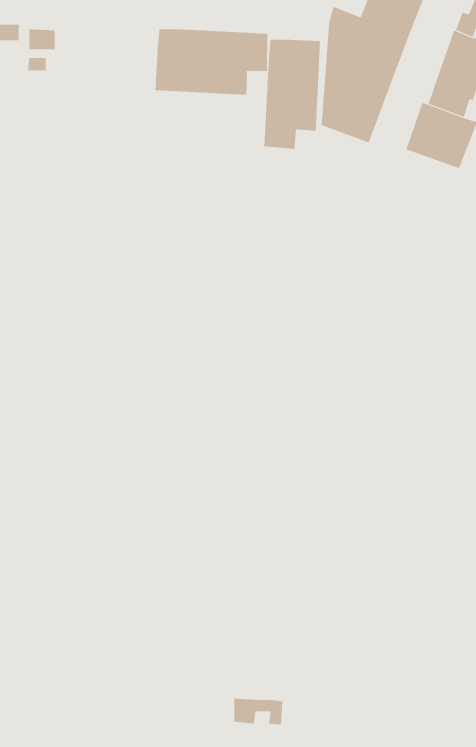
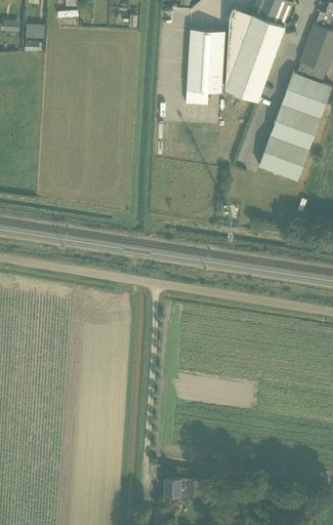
building: [155,28,268,95] -> none
building: none -> [258,105,319,181]

